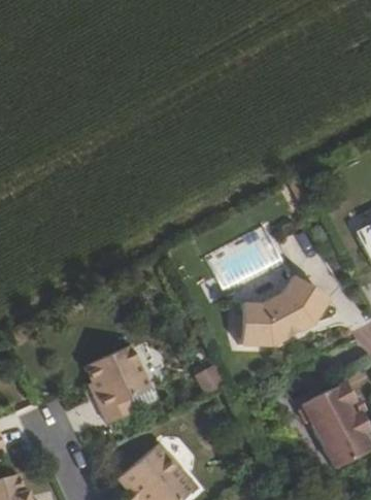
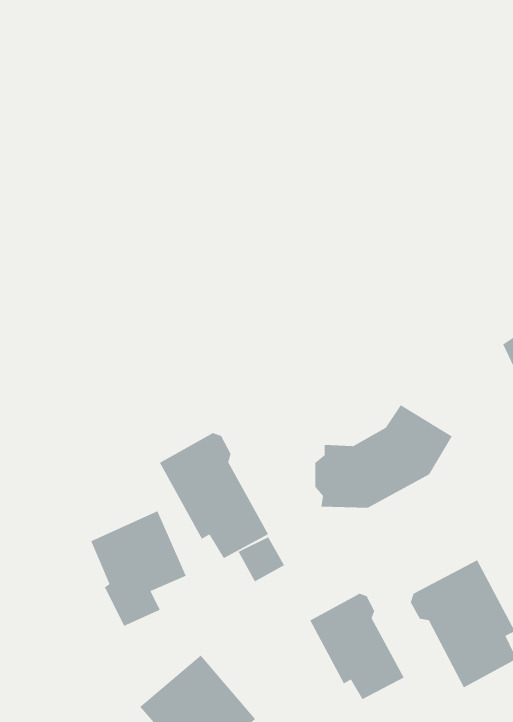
building: none -> [159,432,269,559]
building: none -> [309,593,405,700]

